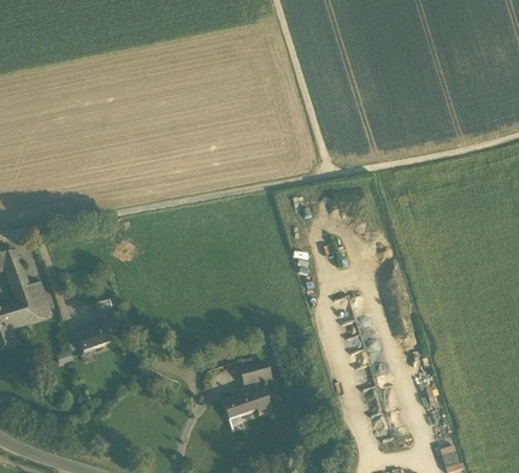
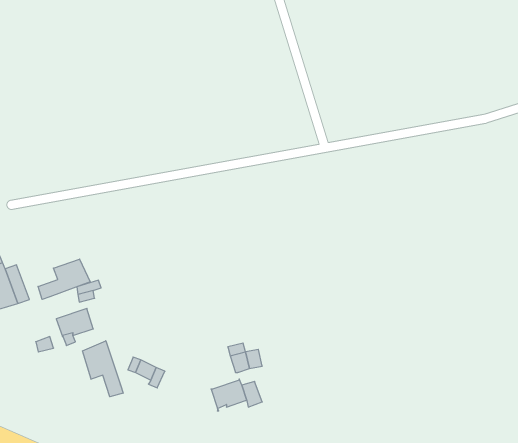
building: none -> [38,259,90,299]
building: none -> [82,341,123,397]

